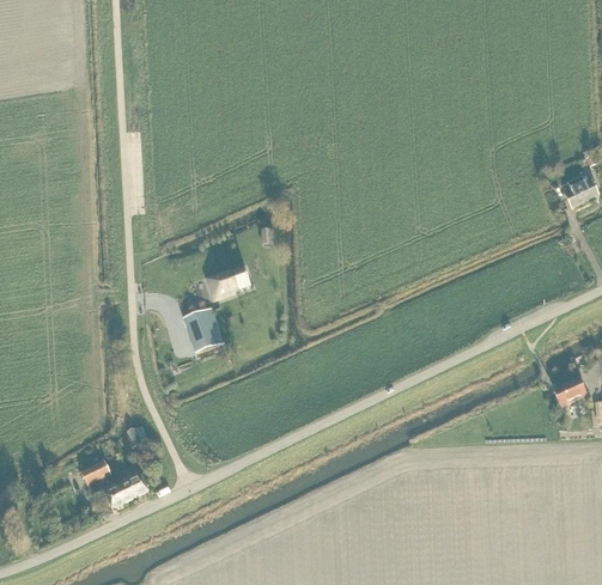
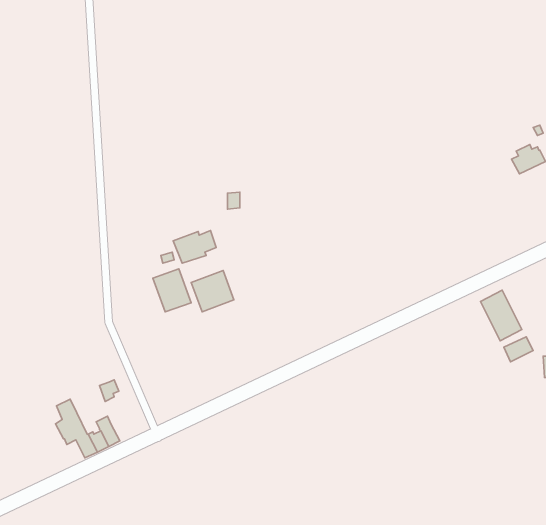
building: none -> [191,270,234,312]
building: none -> [481,290,522,341]

